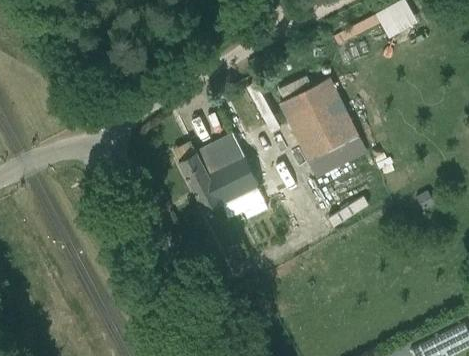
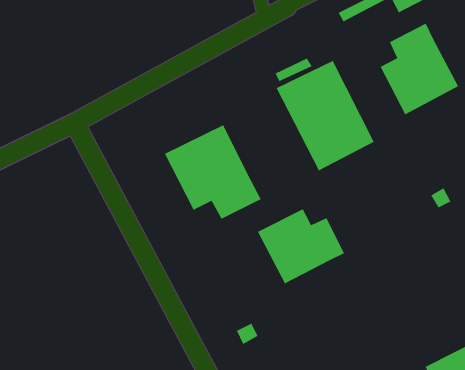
building: none -> [380,22,459,115]
building: none -> [257,208,345,284]

